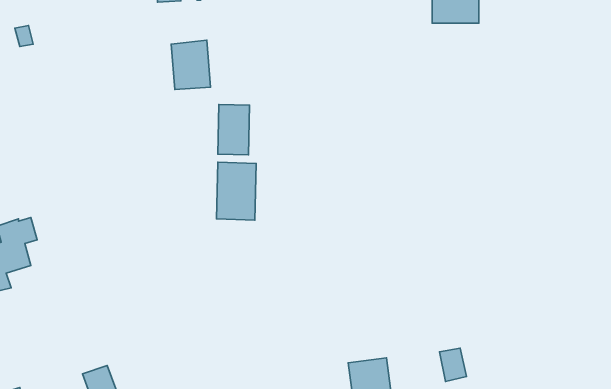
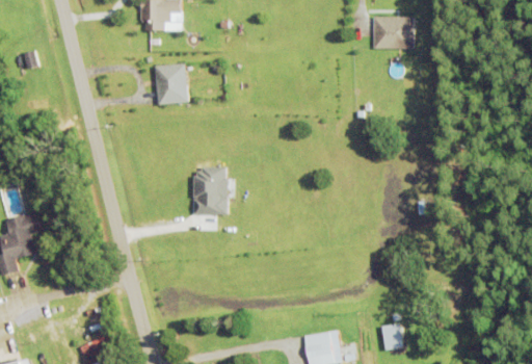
building: [218,105,250,155] -> none

